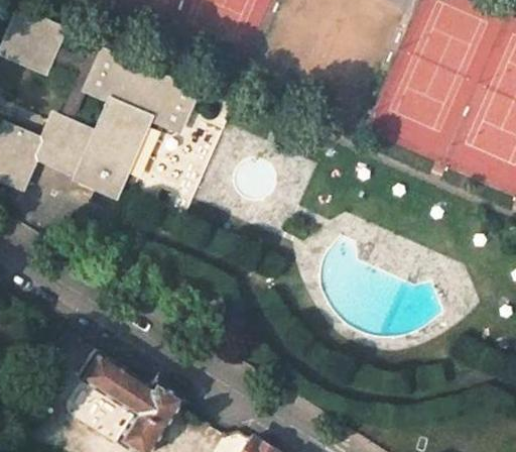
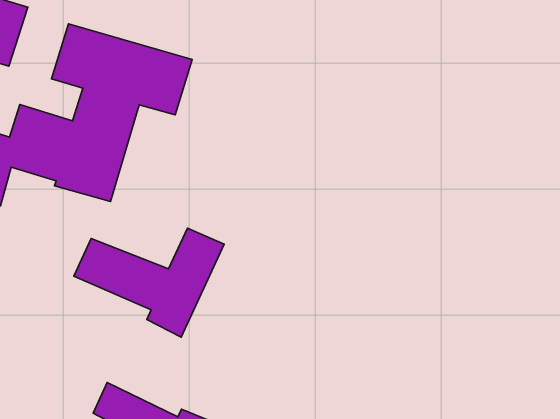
building: none -> [74,228,224,337]

